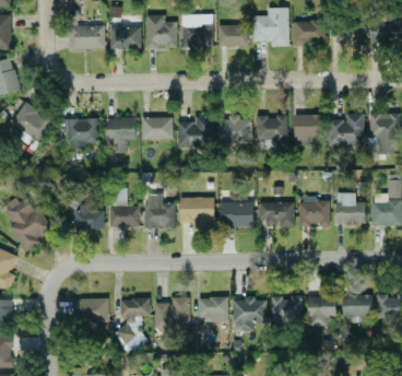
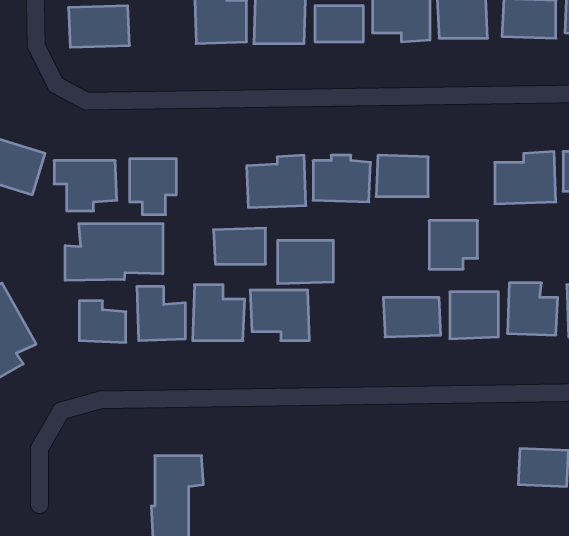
building: [110,27,142,49] -> none
building: [294,115,323,144] -> [429,221,478,269]
building: [141,117,173,139] -> [213,228,266,264]
building: none -> [65,224,163,280]
building: [220,202,253,228] -> [278,240,333,284]
building: [308,296,336,326] -> none
building: [154,297,190,330] -> none
building: [199,297,228,341] -> none
building: [272,297,302,326] -> none
building: [73,298,109,322] -> none
building: [233,298,268,332] -> none

